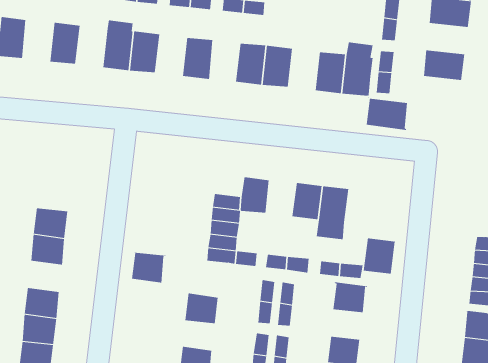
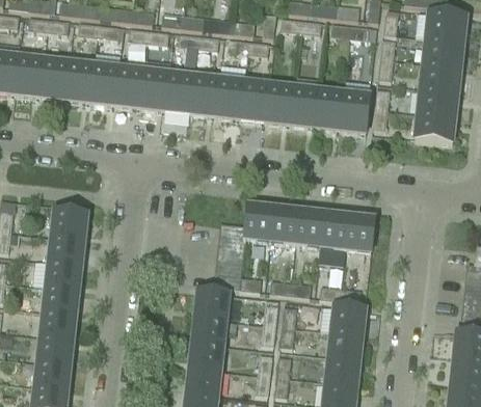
building: none -> [90,52,121,104]
building: none -> [41,59,70,99]
building: none -> [419,62,459,91]
building: none -> [165,63,195,112]
building: none -> [216,64,245,117]
building: none -> [290,86,319,126]
building: [366,98,408,130] -> [413,112,453,142]
building: none -> [269,210,297,244]
building: none -> [53,211,87,239]
building: [363,238,396,274] -> [343,218,374,252]
building: [131,252,167,283] -> [195,291,229,320]
building: none -> [45,286,78,315]
building: none -> [329,331,360,359]
building: none -> [190,342,221,370]

